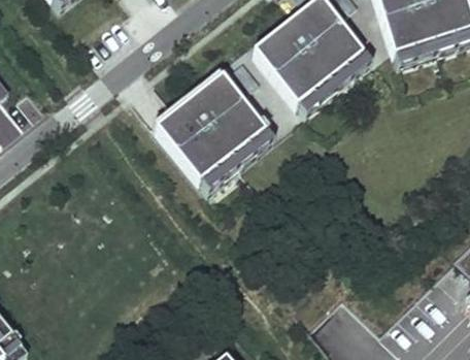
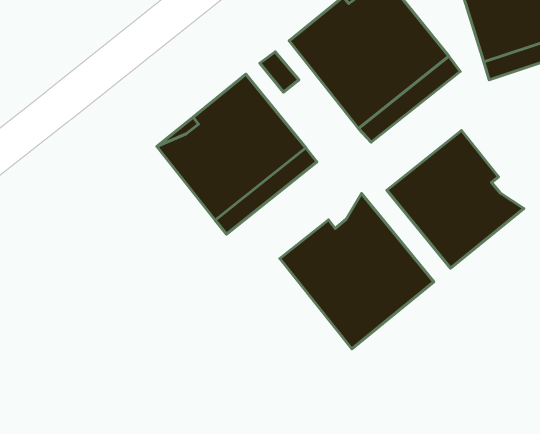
building: none -> [387,130,524,268]
building: none -> [280,193,434,349]

